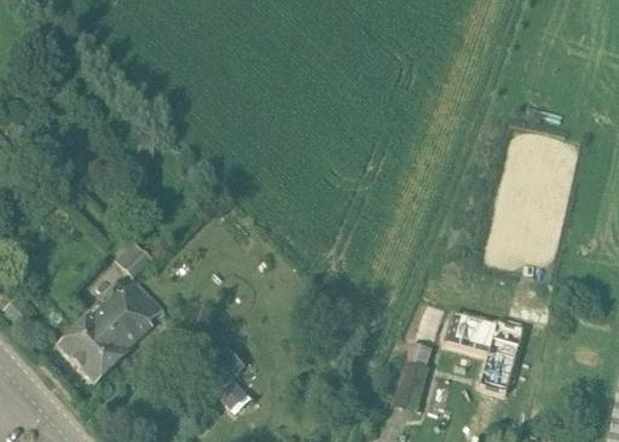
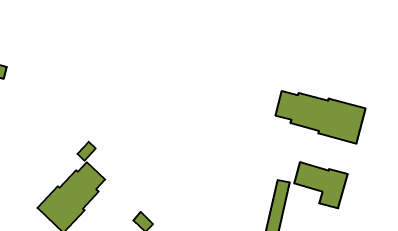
building: none -> [276,91,365,144]

